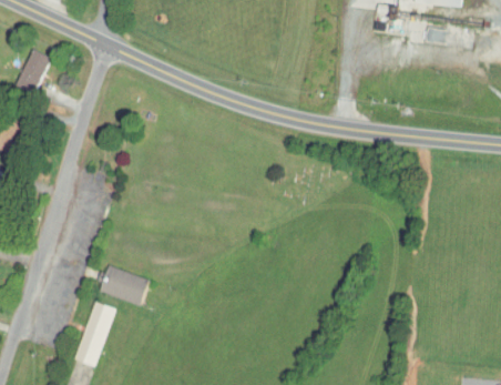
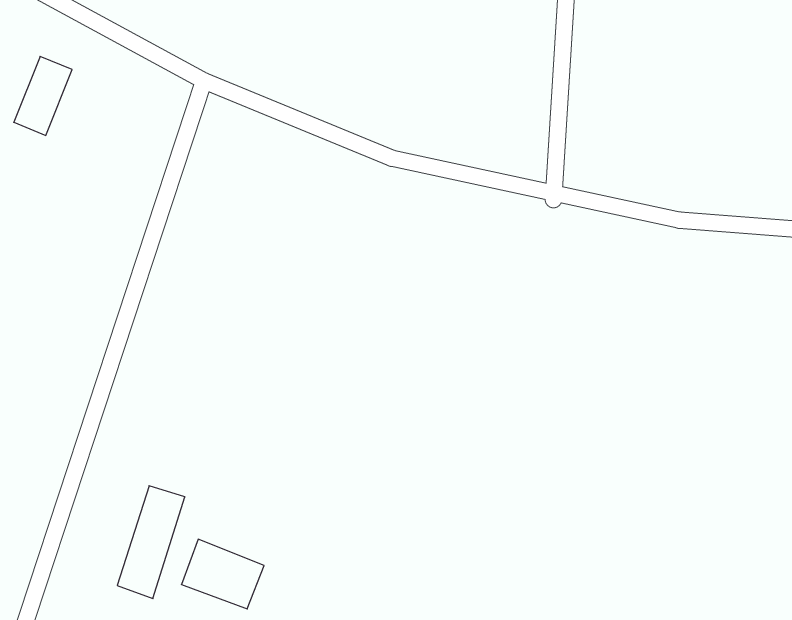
building: [100,263,149,304] -> [181,539,264,609]

